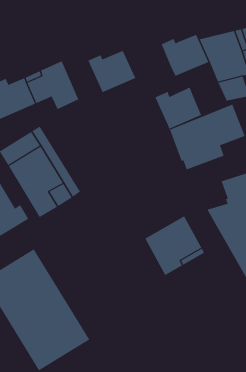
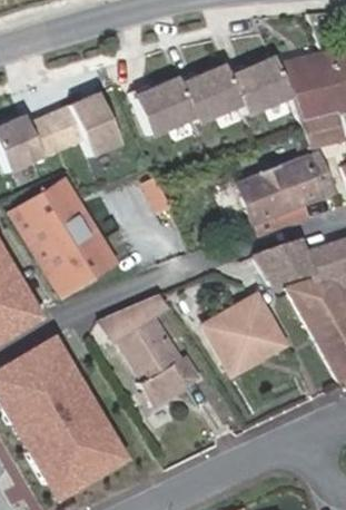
building: [154,87,202,130] -> [176,66,238,121]
building: none -> [253,239,312,284]
building: none -> [97,293,198,405]

